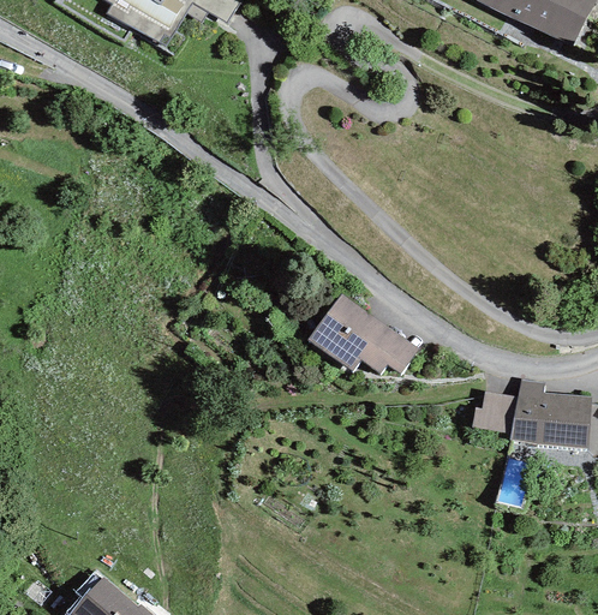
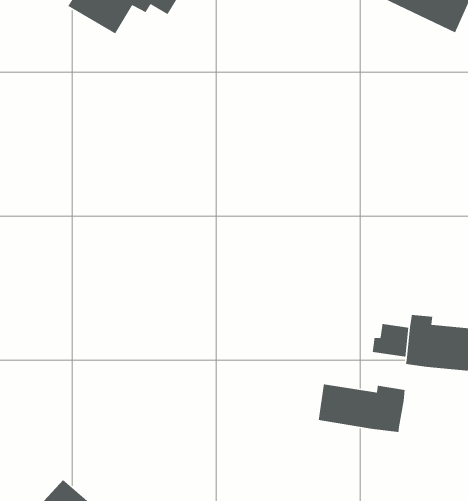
building: [309,294,419,375] -> none
building: none -> [318,383,405,433]

